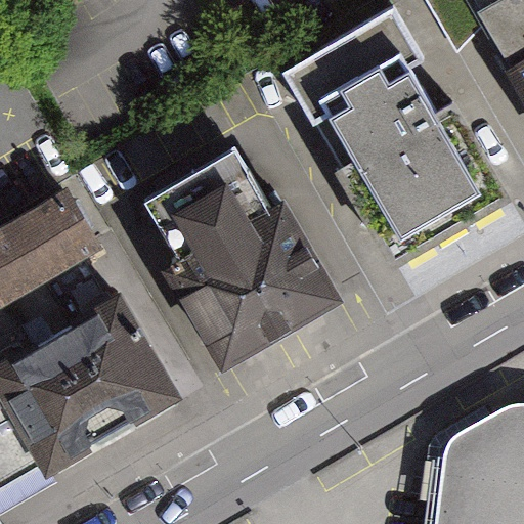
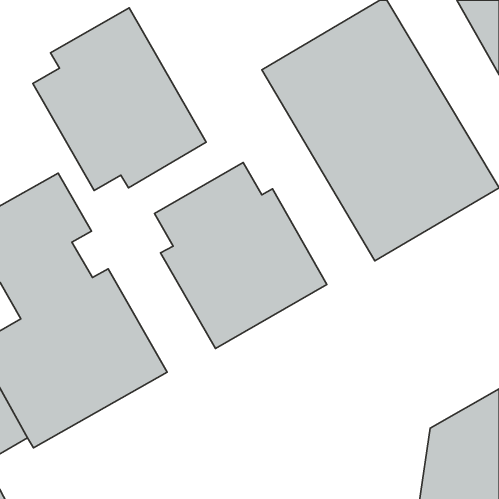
building: none -> [33,8,206,191]

